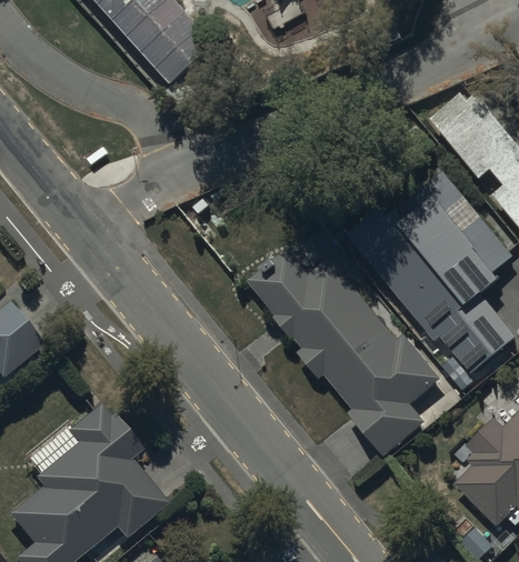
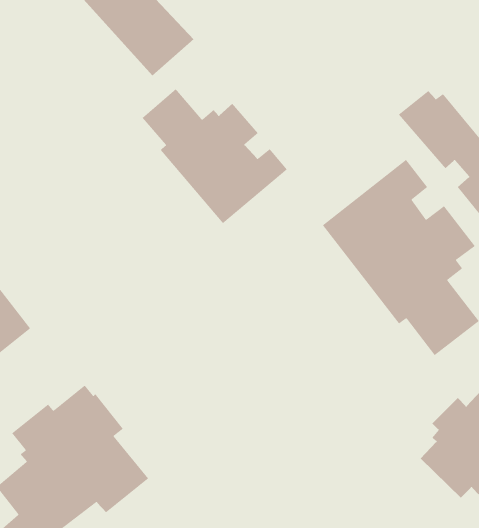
building: none -> [142,88,288,224]
building: [243,242,442,459] -> none

